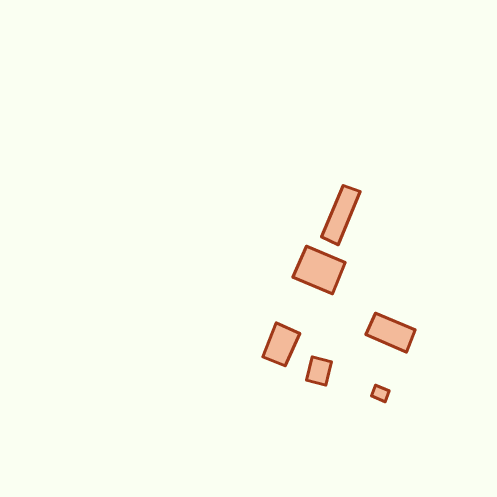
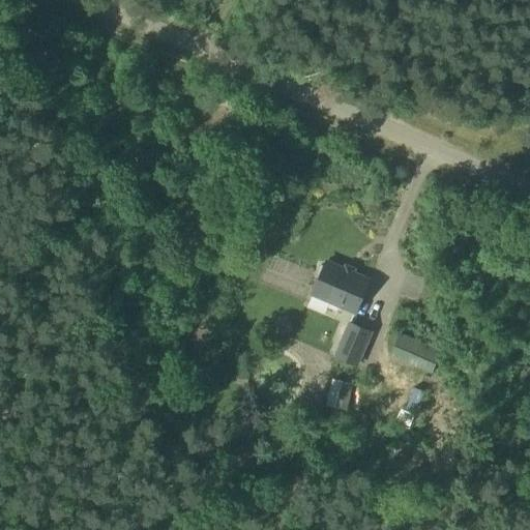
building: [321,185,360,245] -> none
building: [263,323,300,366] -> [333,322,373,367]

